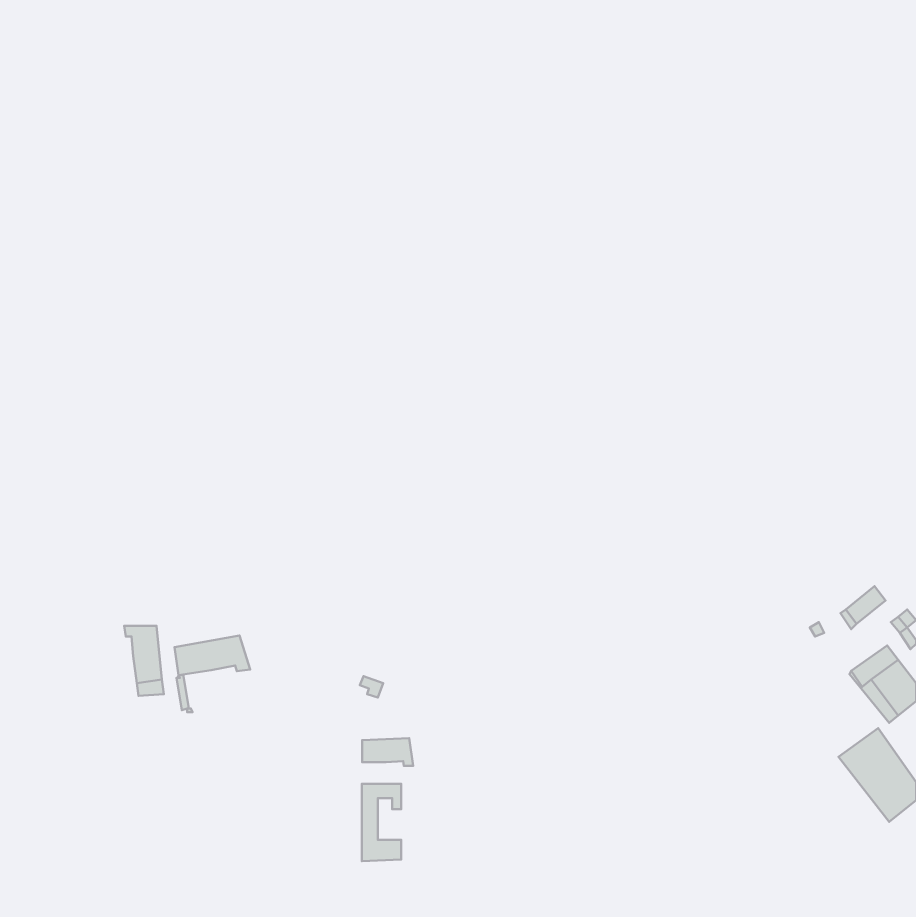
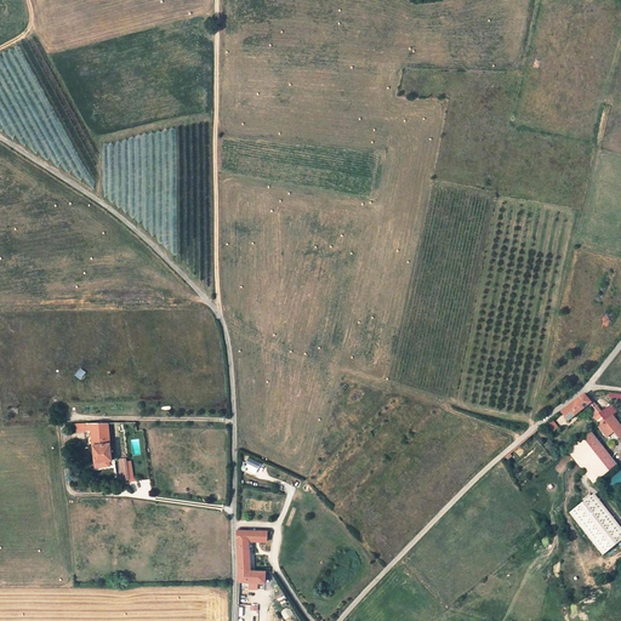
building: [175,635,250,675] -> none
building: [362,738,413,766] -> none

